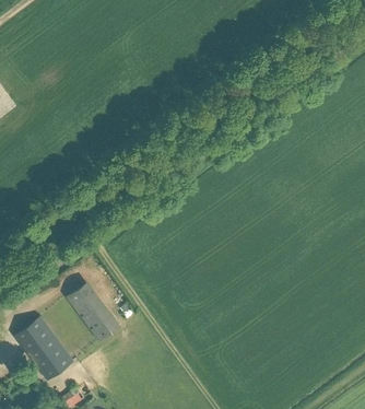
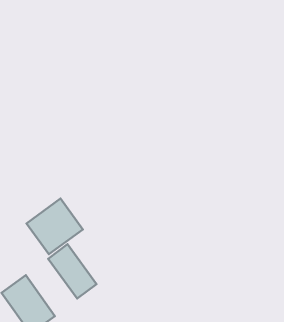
building: none -> [26,199,83,254]

